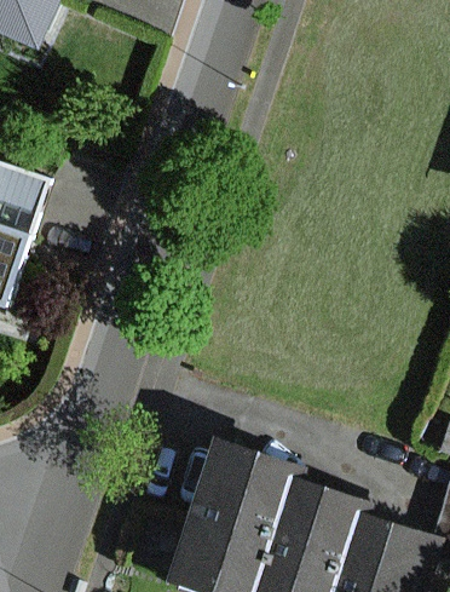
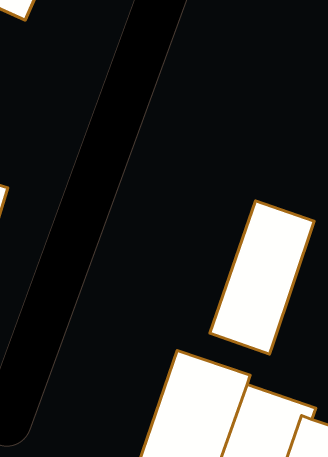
building: none -> [210,201,314,354]

